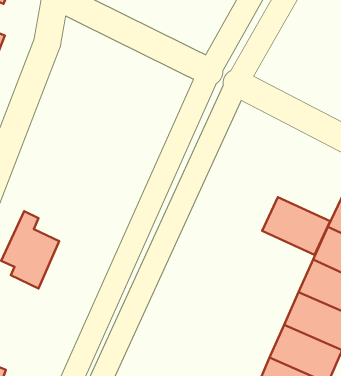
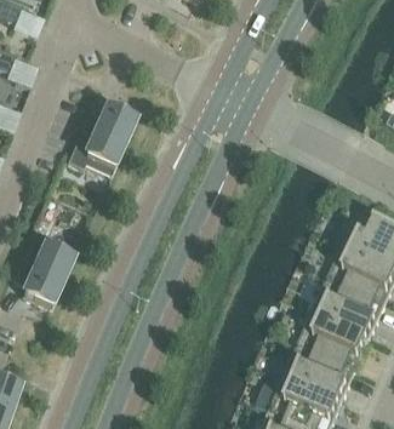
building: none -> [68,110,136,171]
building: [262,197,330,255] -> none

